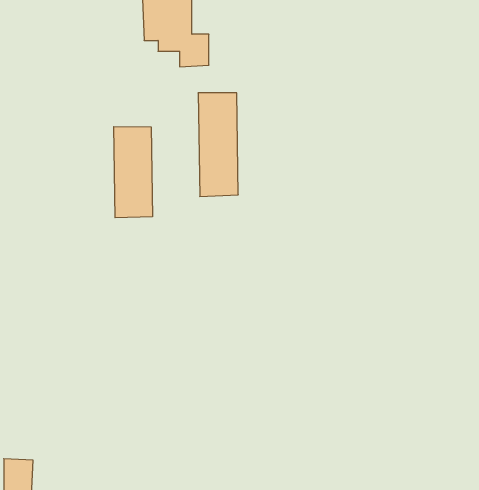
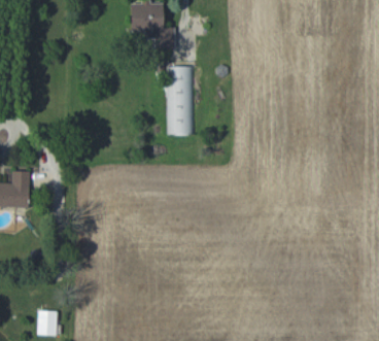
building: [114,127,152,218] -> none

